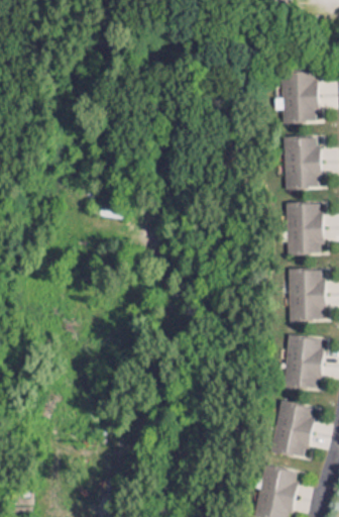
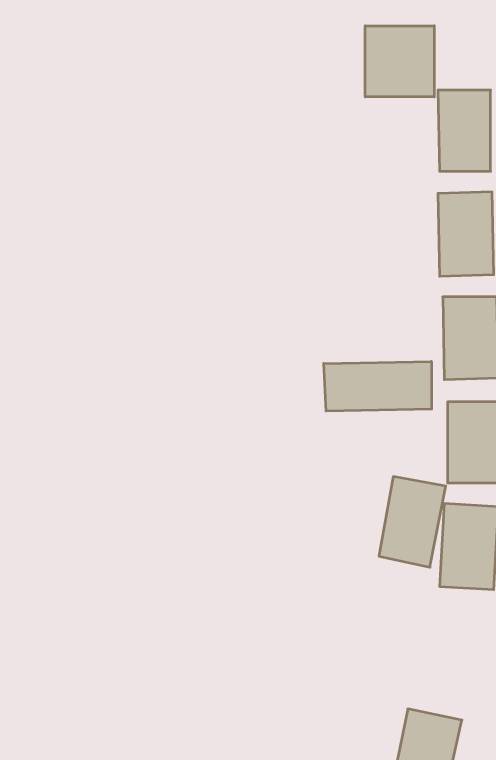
building: none -> [365,26,434,97]
building: none -> [324,361,432,411]
building: [271,401,314,458] -> [379,477,446,567]

